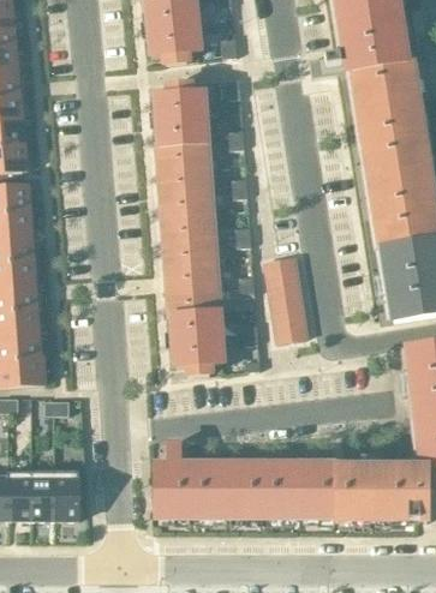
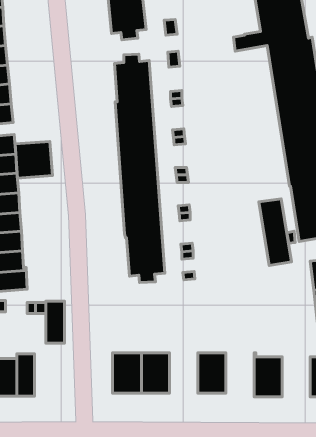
building: none -> [15,141,52,178]
building: [264,257,306,342] -> [259,199,292,266]
building: [227,465,263,516] -> none
building: [299,465,335,521] -> none
building: [54,466,78,520] -> [46,301,65,343]
building: [371,469,407,521] -> none

